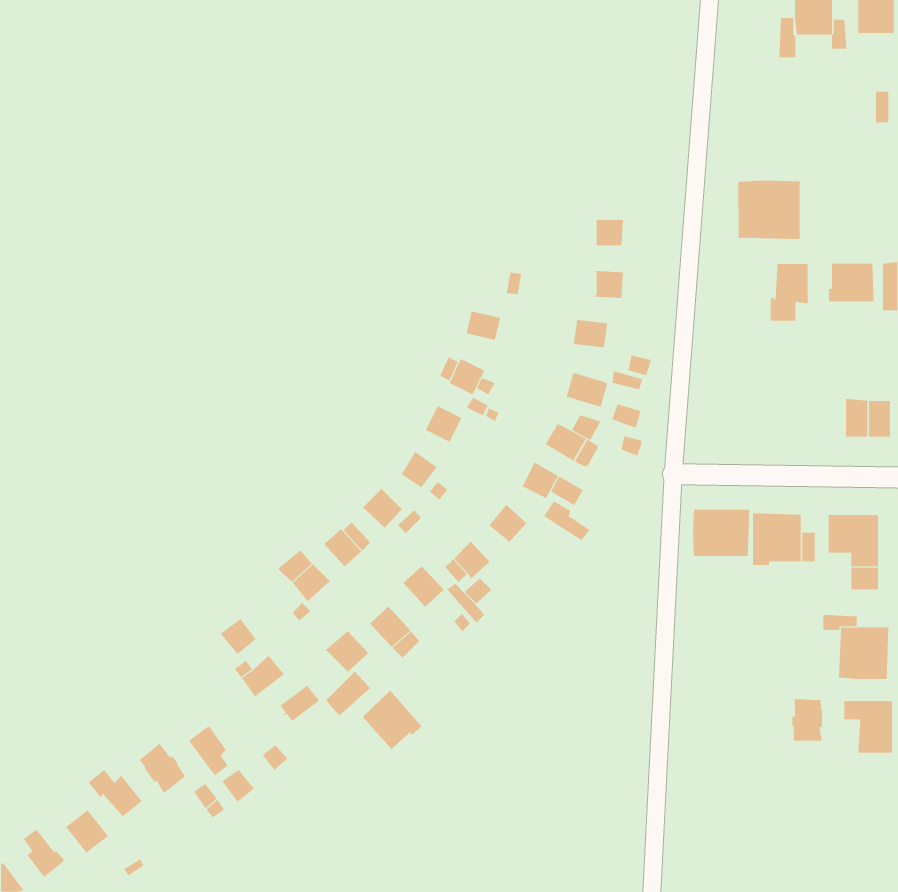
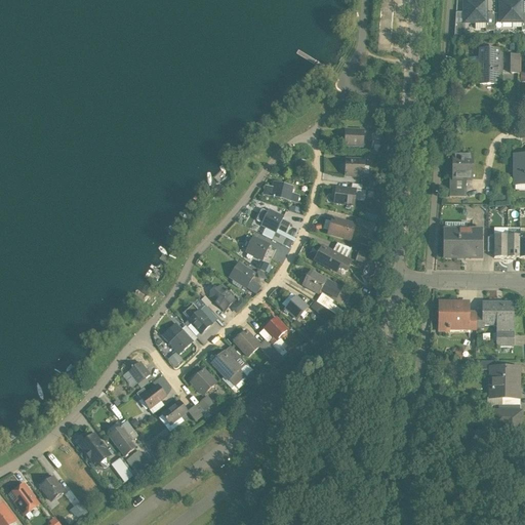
building: none -> [479,48,501,83]
building: [738,180,800,240] -> none
building: [829,263,874,302] -> none
building: none -> [444,228,481,255]
building: [693,509,750,557] -> none
building: [362,690,422,750] -> none
building: [792,699,823,742] -> none
building: [88,769,142,817] -> none

